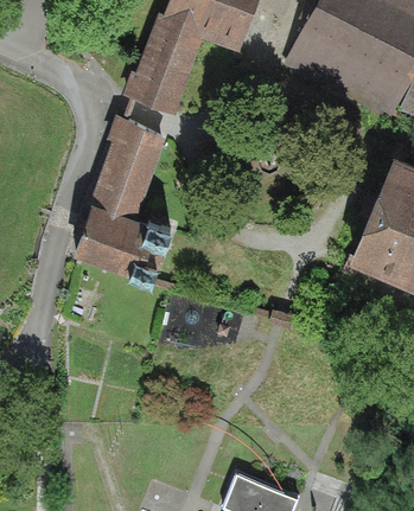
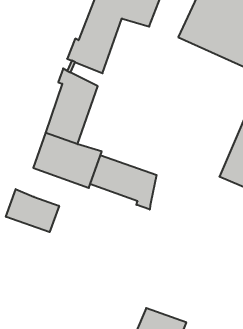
building: none -> [90,155,157,210]
building: none -> [6,189,59,232]

